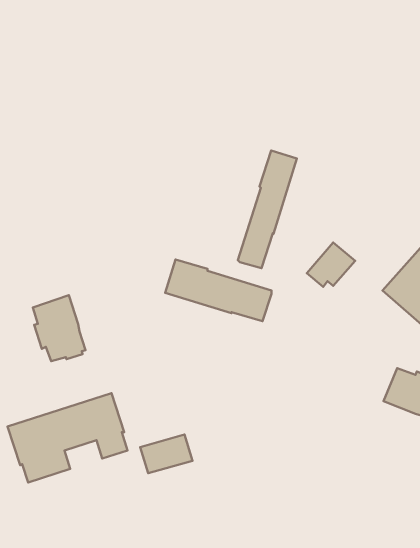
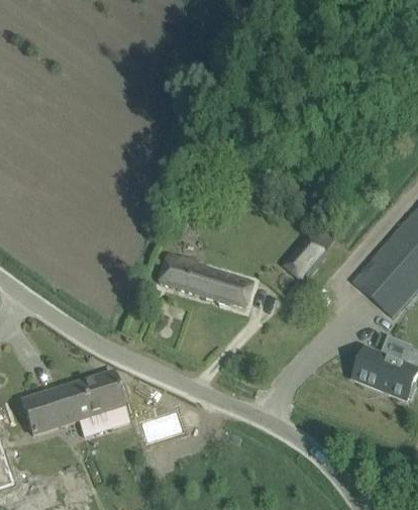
building: [238,151,297,268] -> none
building: [33,295,85,361] -> none

